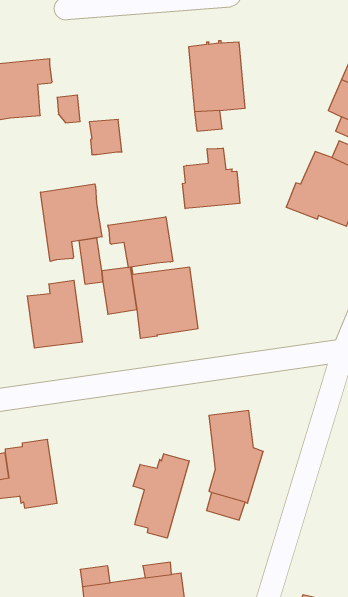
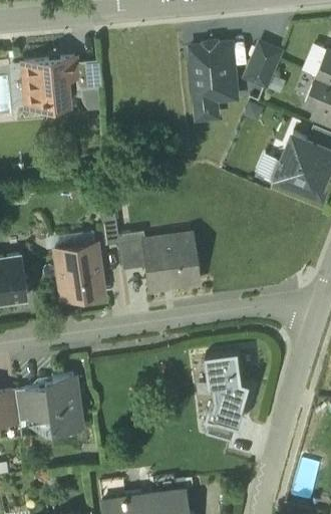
building: none -> [247,45,279,86]
building: [89,119,122,154] -> [73,61,100,90]
building: [182,148,240,209] -> none
building: [41,184,102,261] -> none
building: [108,217,173,268] -> none
building: [133,454,189,538] -> none

